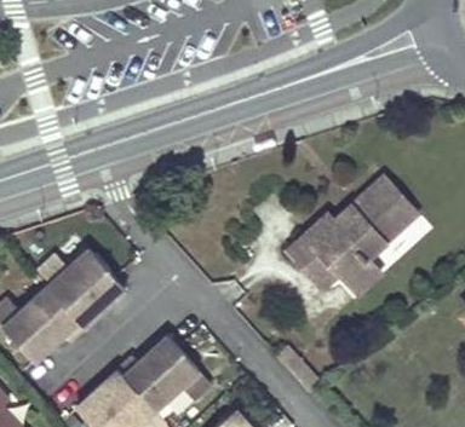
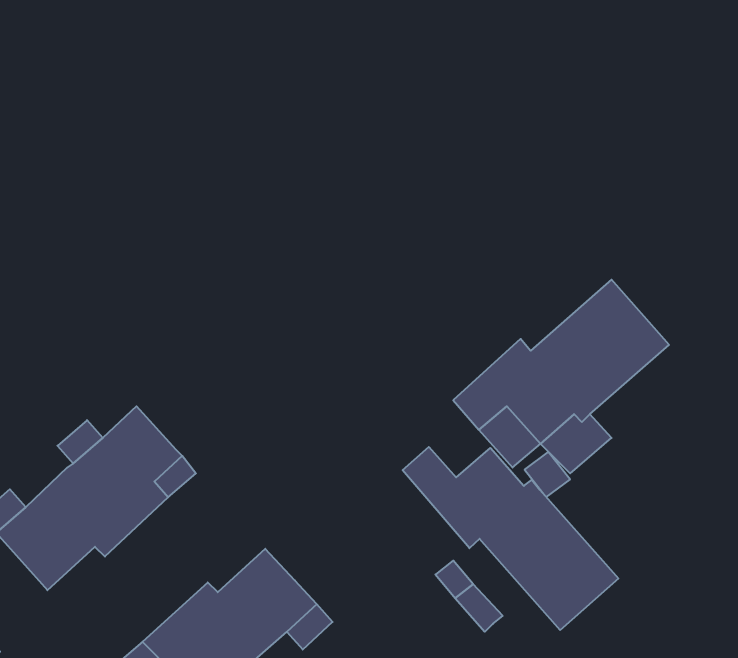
building: none -> [403,447,618,630]

